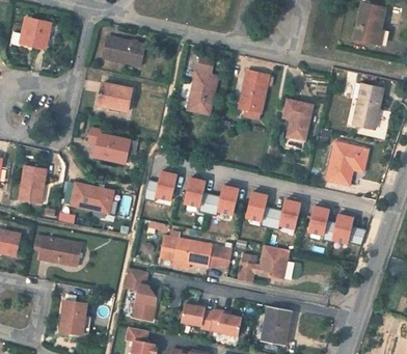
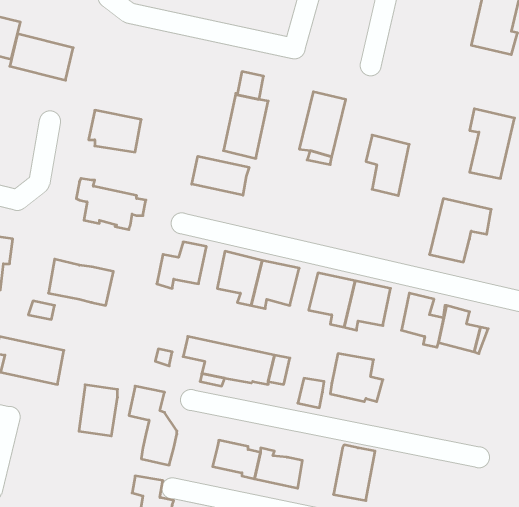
building: [103,36,145,67] -> [10,34,73,80]
building: none -> [192,156,249,195]
building: [60,301,86,335] -> [79,385,118,436]

